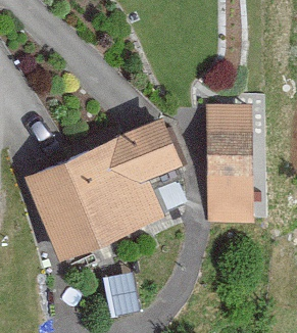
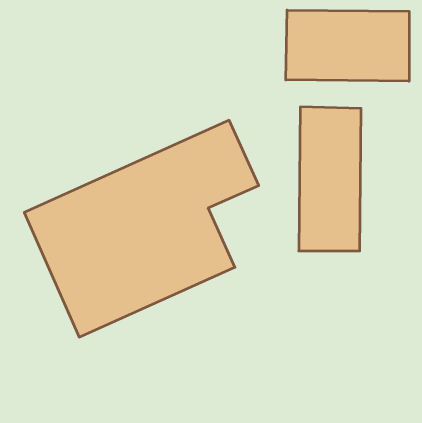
building: none -> [286,10,409,81]

